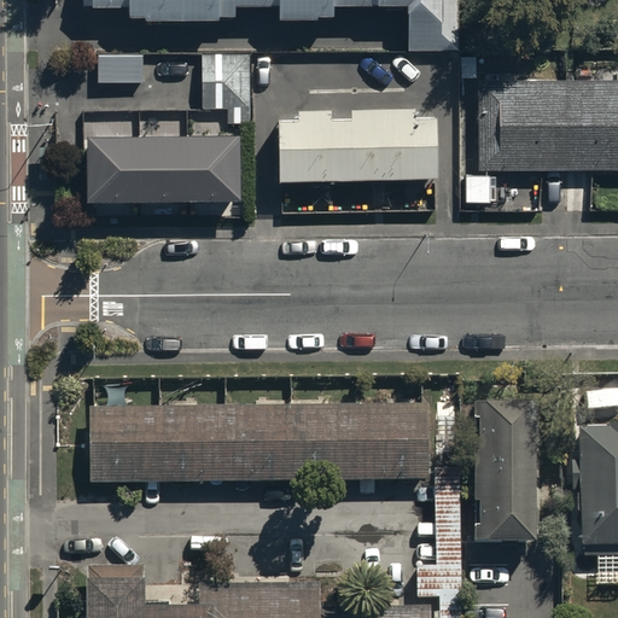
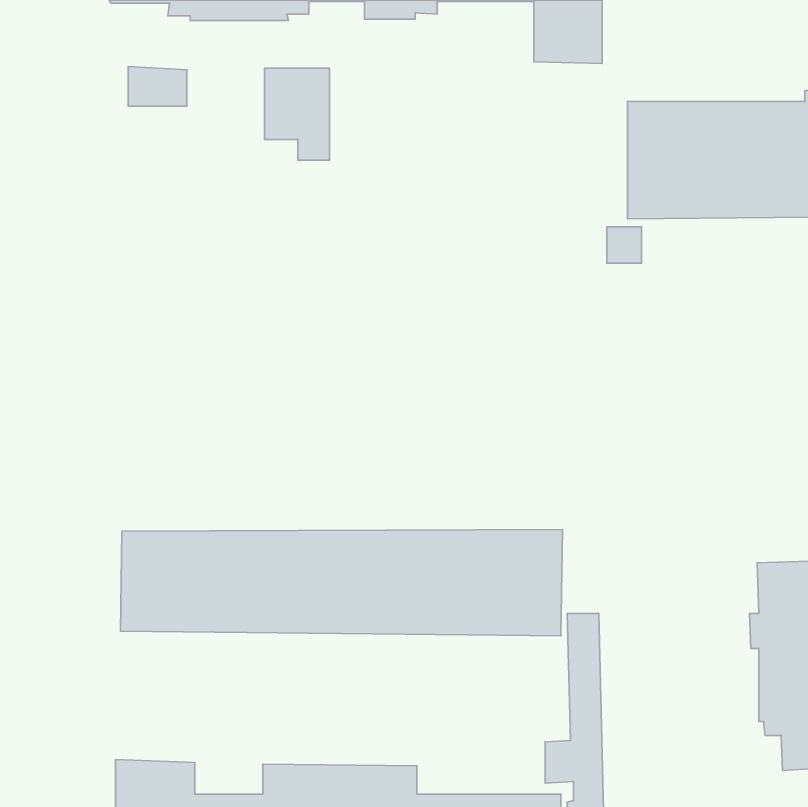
building: [280,105,439,177] -> none
building: [87,121,241,198] -> none
building: [470,408,534,549] -> none

